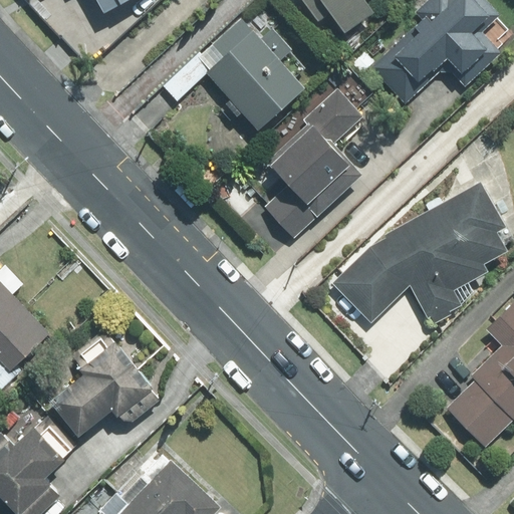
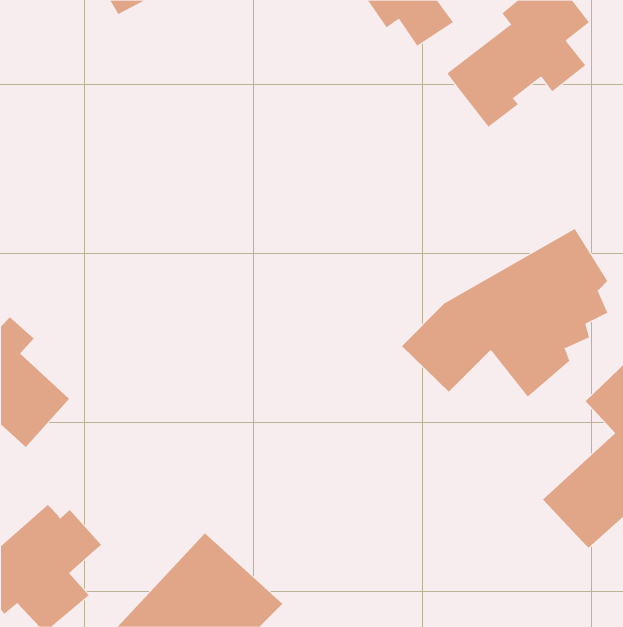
building: [192,18,302,132] -> none
building: [265,88,364,239] -> none
building: [59,320,172,433] -> none

